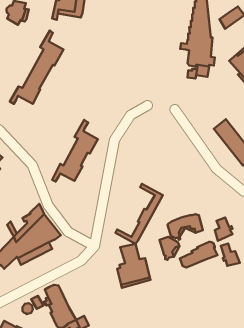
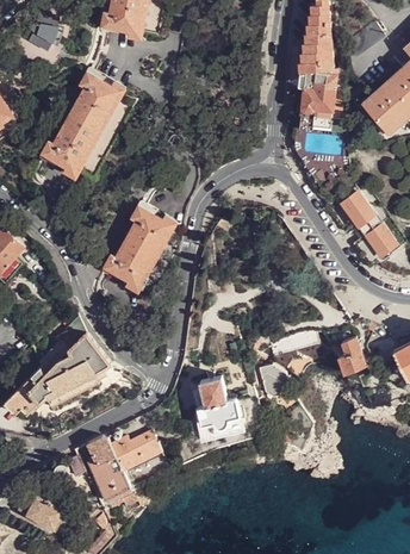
building: none -> [44,69,126,179]
building: [115,184,163,244] -> [107,204,178,293]
building: [180,242,217,268] -> none
building: [221,243,240,266] -> none
building: none -> [111,431,162,471]

